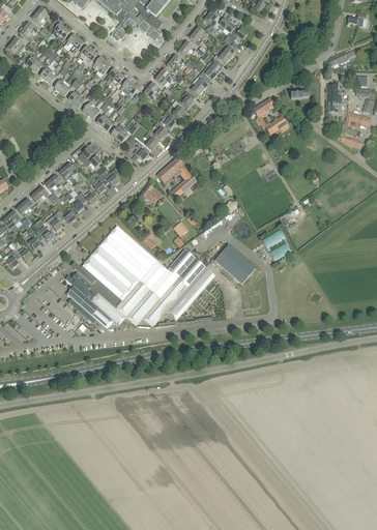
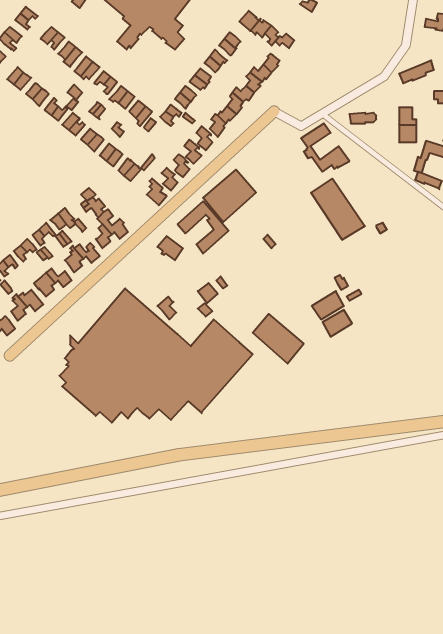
building: none -> [203,170,256,222]
building: none -> [311,179,365,240]

